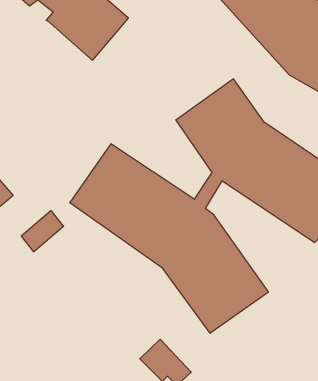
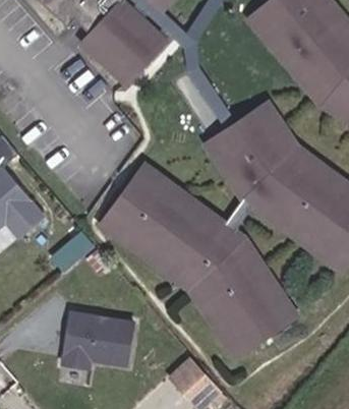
building: none -> [62,311,134,367]

